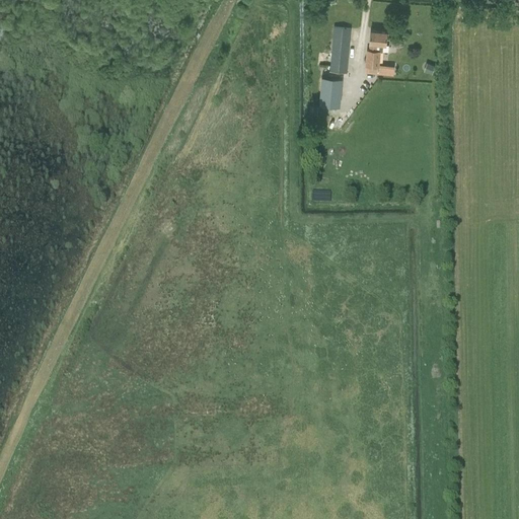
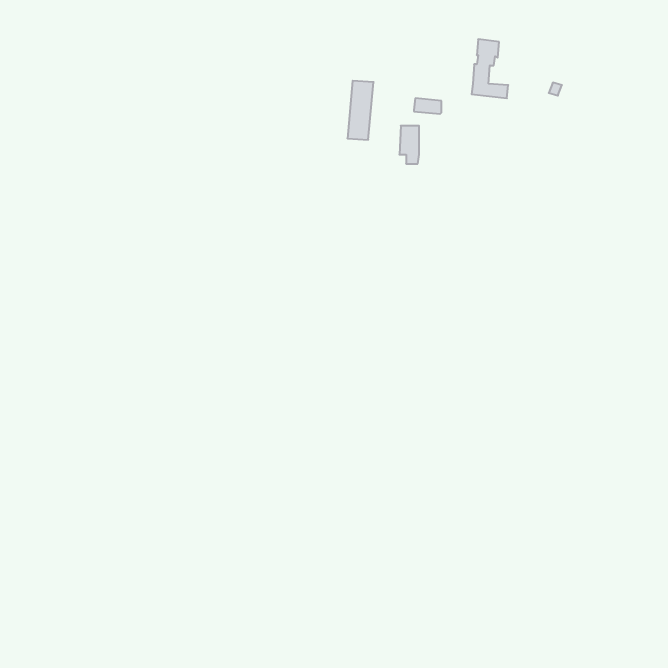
building: [330,28,351,74] -> [347,81,374,140]

